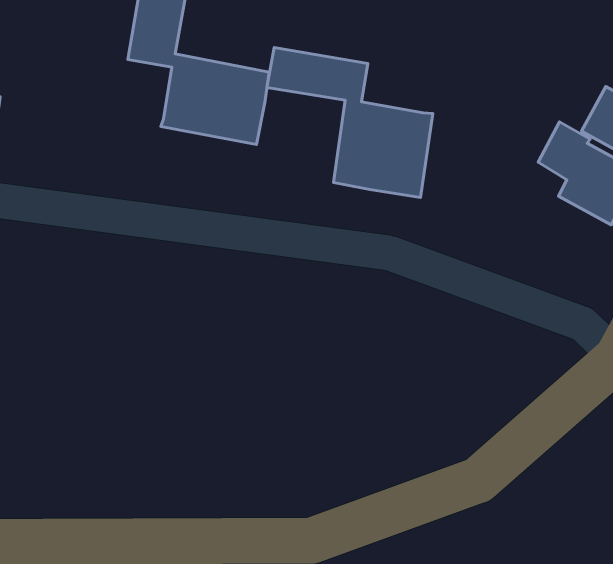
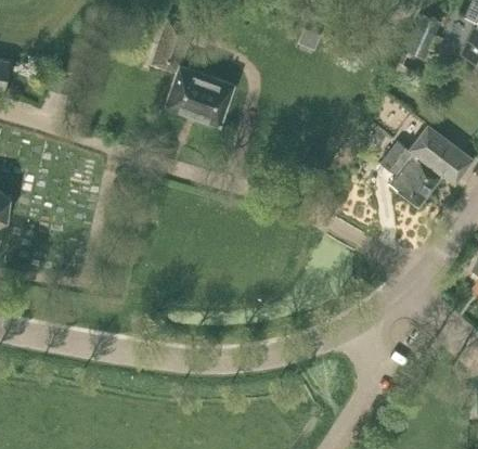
building: [267,48,433,197] -> none

